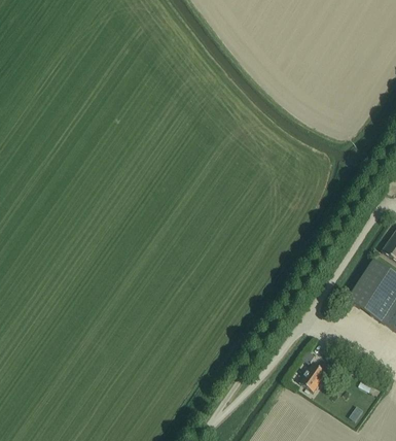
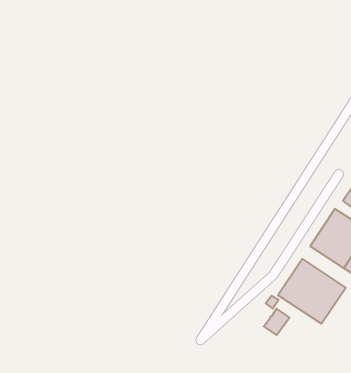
building: none -> [278,259,346,324]

